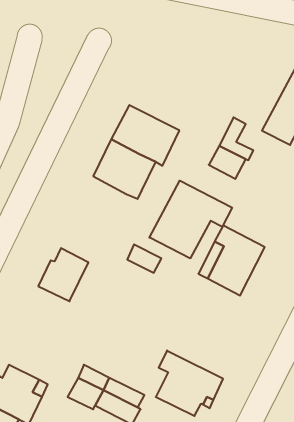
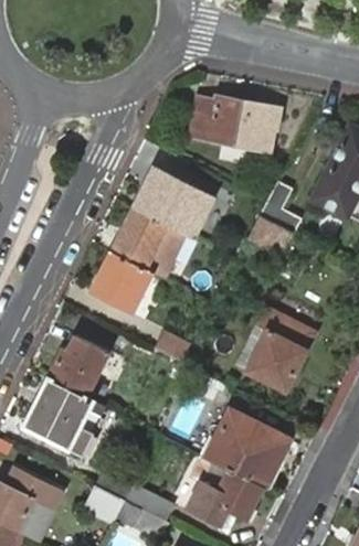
building: none -> [192,97,277,159]
building: none -> [93,250,151,312]
building: [149,181,232,258] -> none
building: none -> [24,378,104,454]
building: none -> [200,411,287,486]

